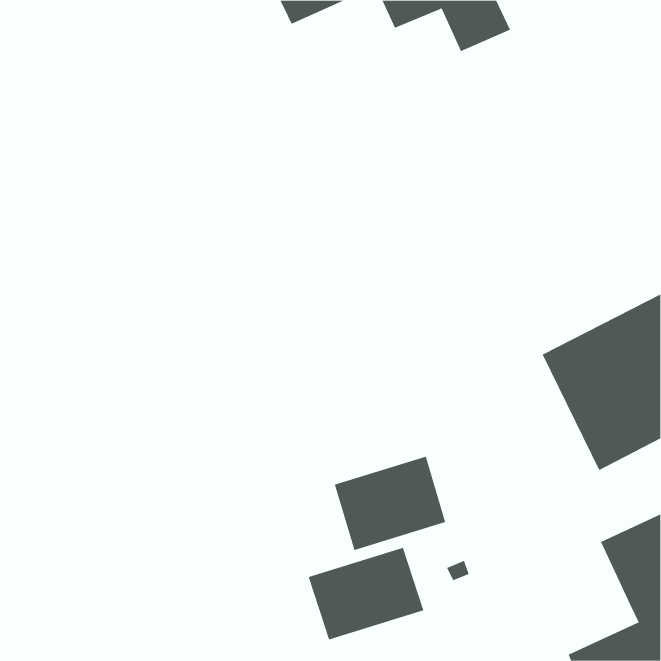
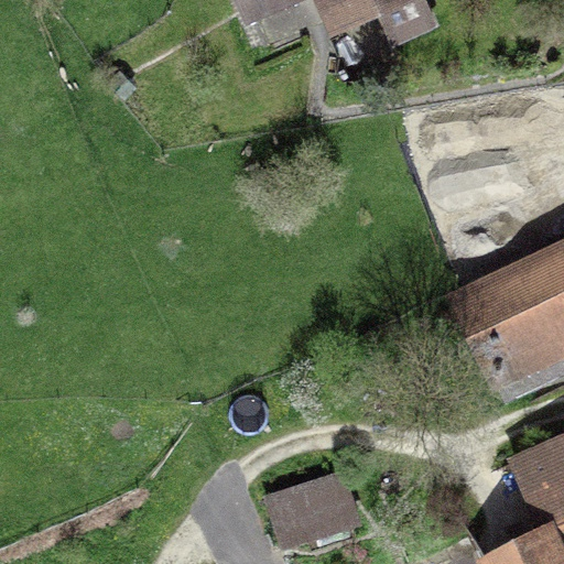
building: [334,456,446,551] -> none

